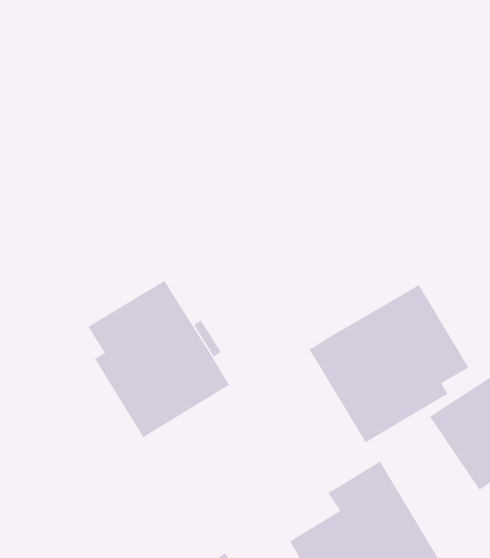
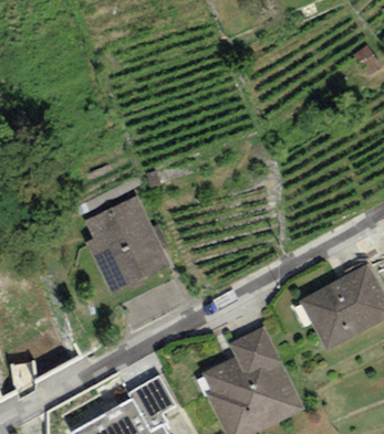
building: [309,284,469,443] -> none

